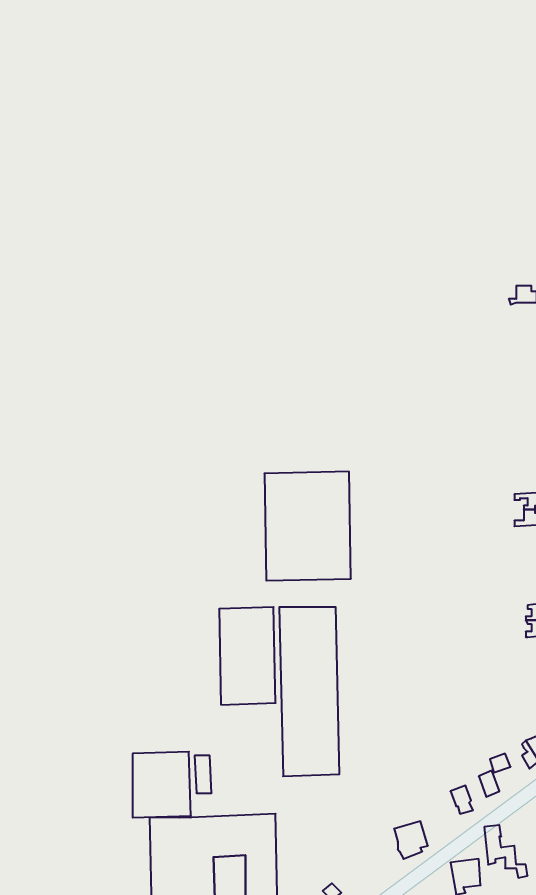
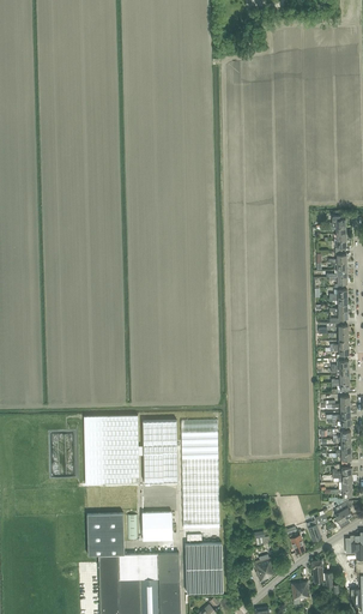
building: [264,472,351,581] -> [84,415,139,484]
building: none -> [143,512,173,541]
building: none -> [186,543,223,594]

